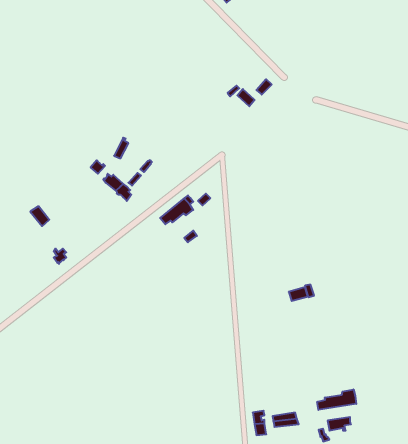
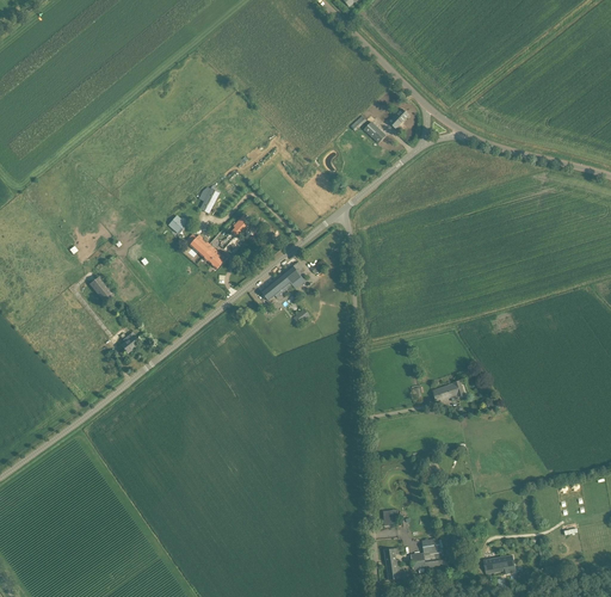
building: [317,389,356,410] -> none

